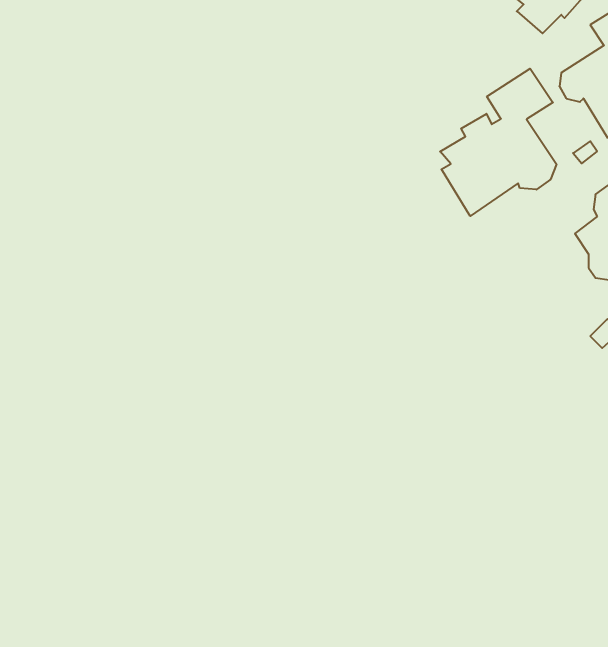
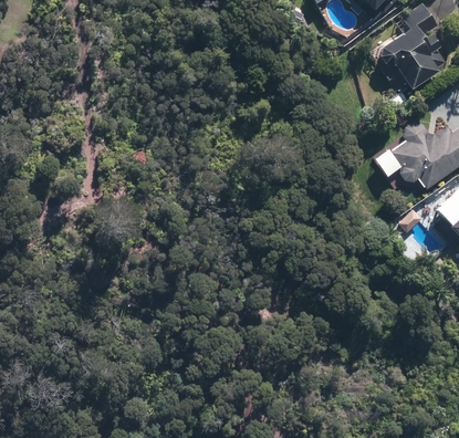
building: [440,69,556,216] -> none

